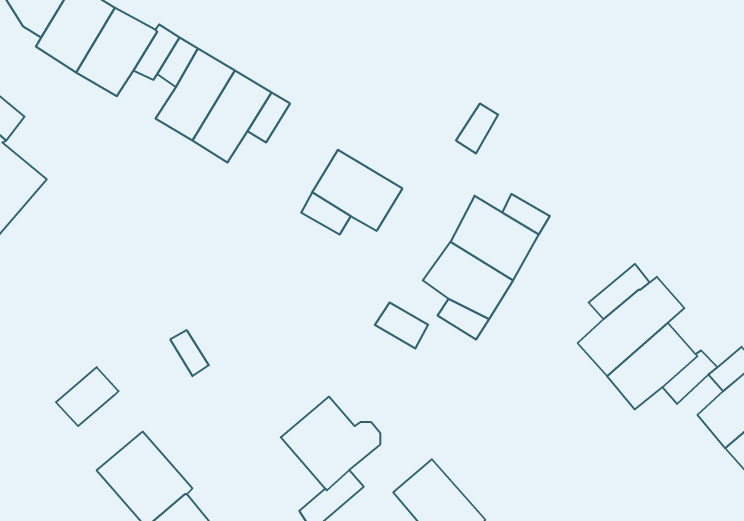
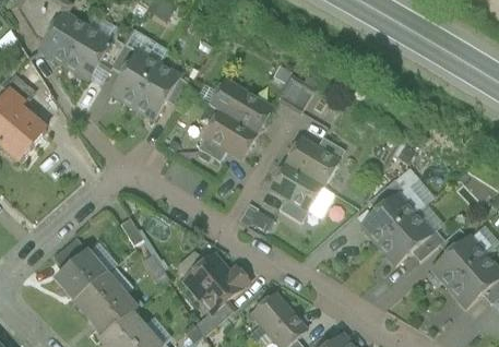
building: none -> [210,79,273,133]
building: none -> [59,255,105,300]

